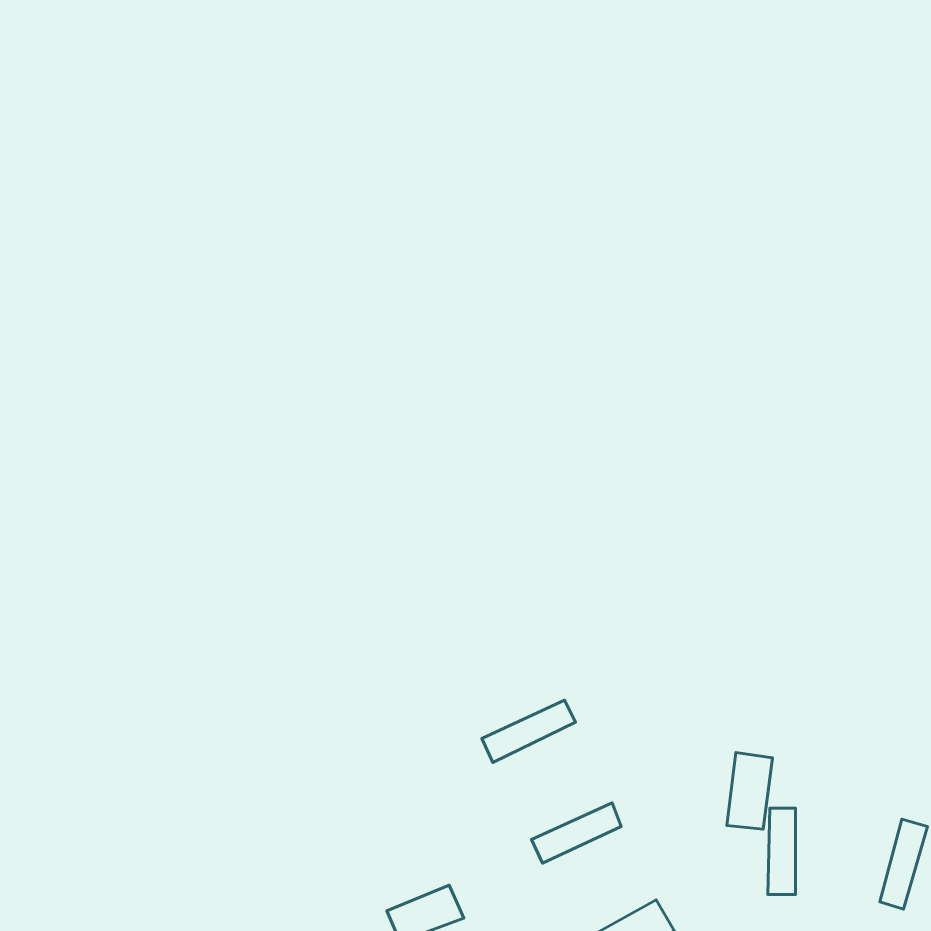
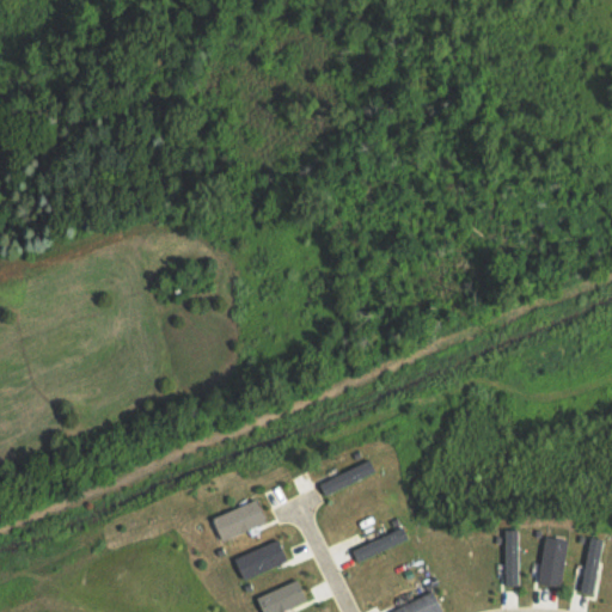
building: [727,752,772,829] -> [539,538,569,588]
building: none -> [212,502,264,538]
building: none -> [233,540,289,580]

